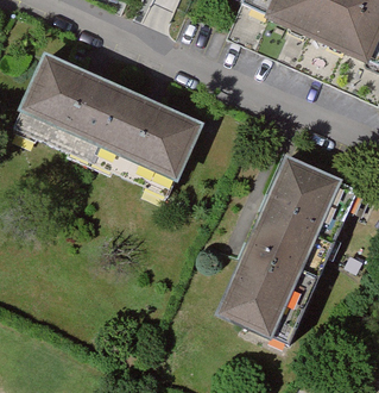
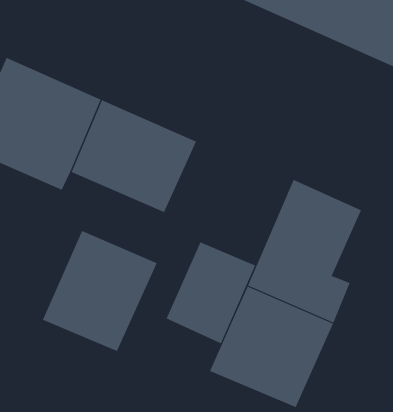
building: none -> [42,230,158,352]
building: none -> [166,241,256,344]

